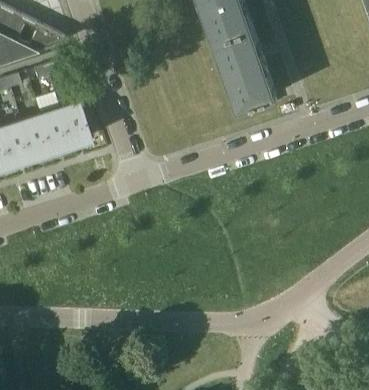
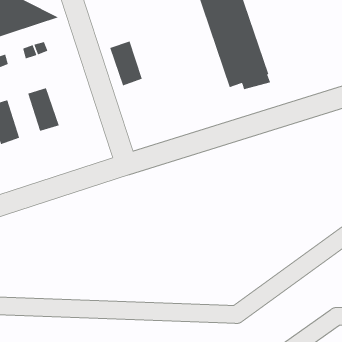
building: [56,100,89,146] -> [109,39,143,86]
building: [18,114,49,158] -> none

